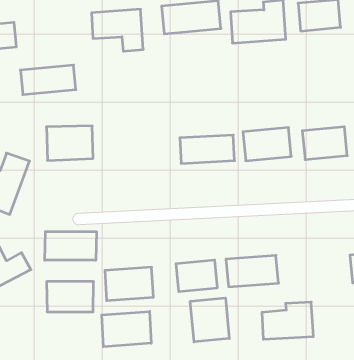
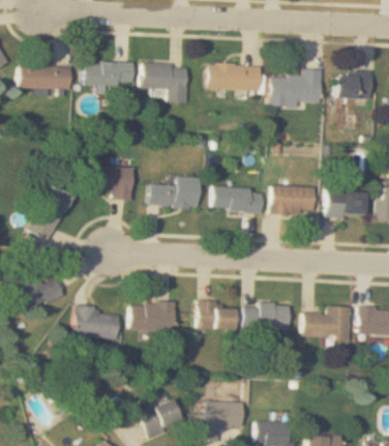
building: [20,65,76,95] -> [84,62,133,85]
building: none -> [150,176,200,207]
building: [45,232,96,260] -> none
building: [190,298,229,342] -> none
building: [262,302,313,339] -> [304,306,352,339]
building: [102,311,151,347] -> none

